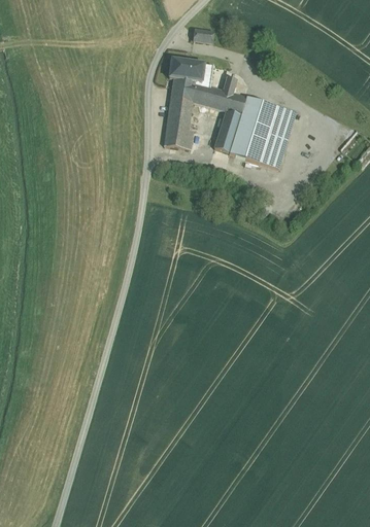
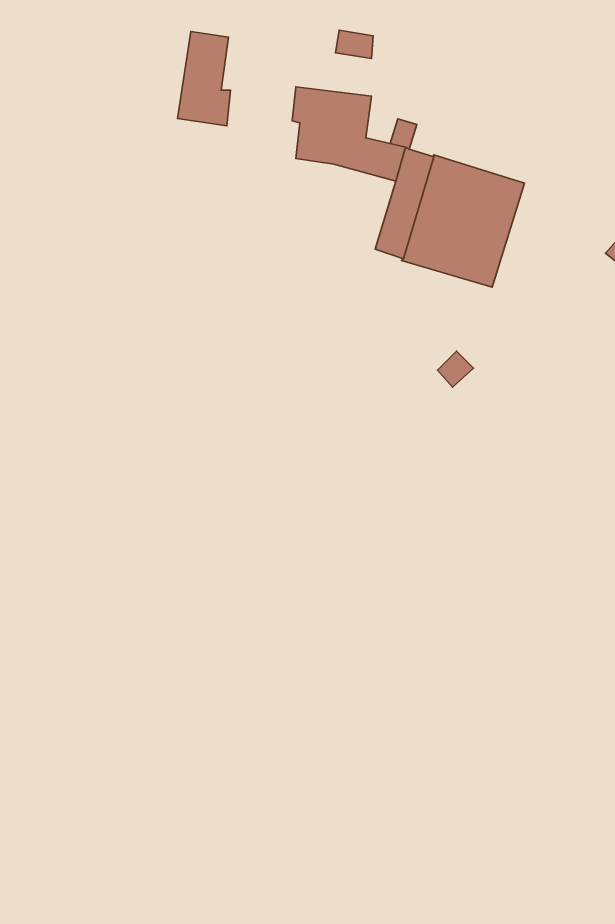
building: [164,98,193,149] -> [178,31,230,126]

